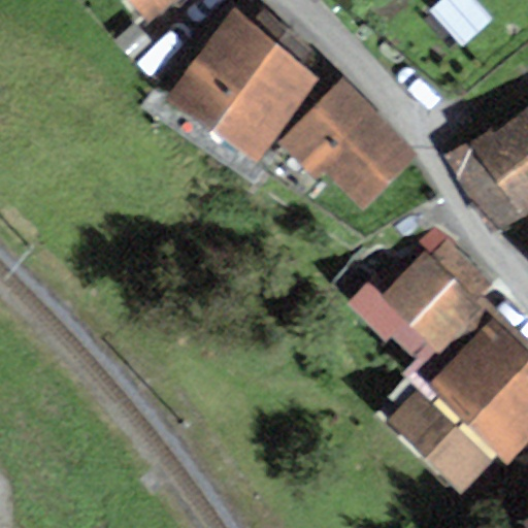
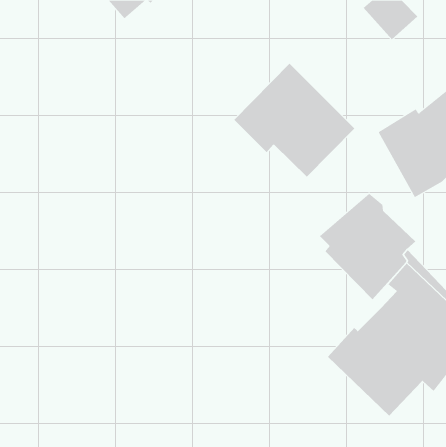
building: [168,11,322,164] -> none
building: [346,274,468,407] -> none

